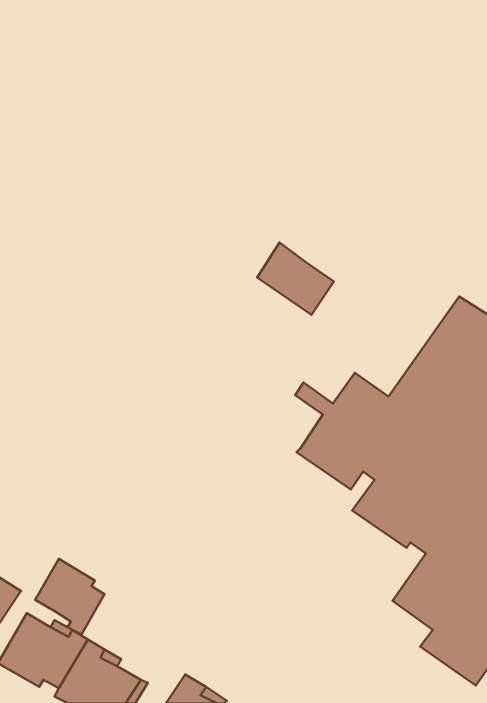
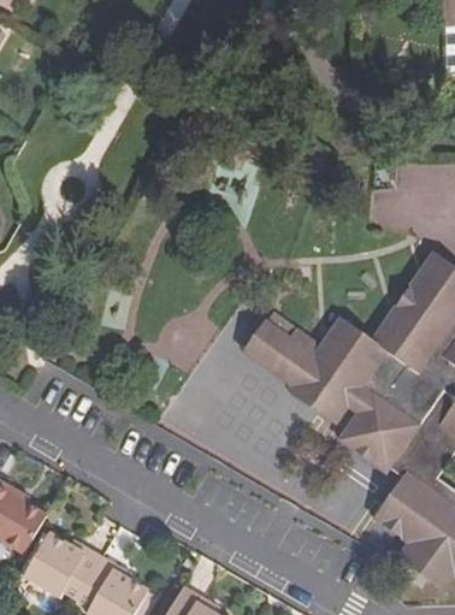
building: [257,243,334,315] -> [241,326,307,389]
building: [35,559,104,635] -> none

